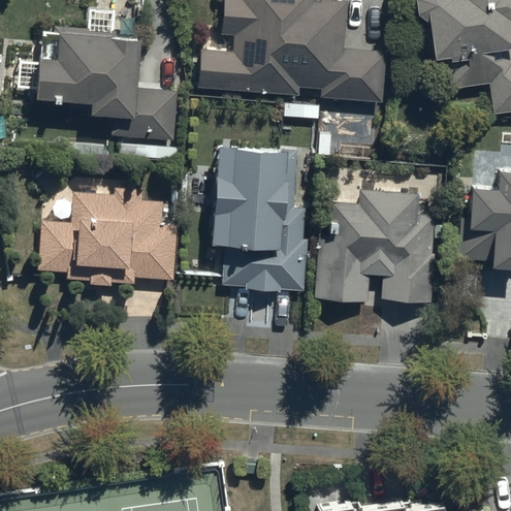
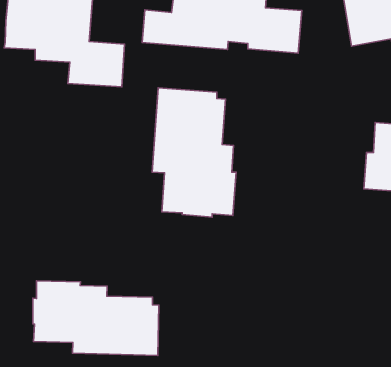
building: [40,186,179,284] -> none
building: [314,188,437,305] -> none
building: none -> [33,281,159,355]

